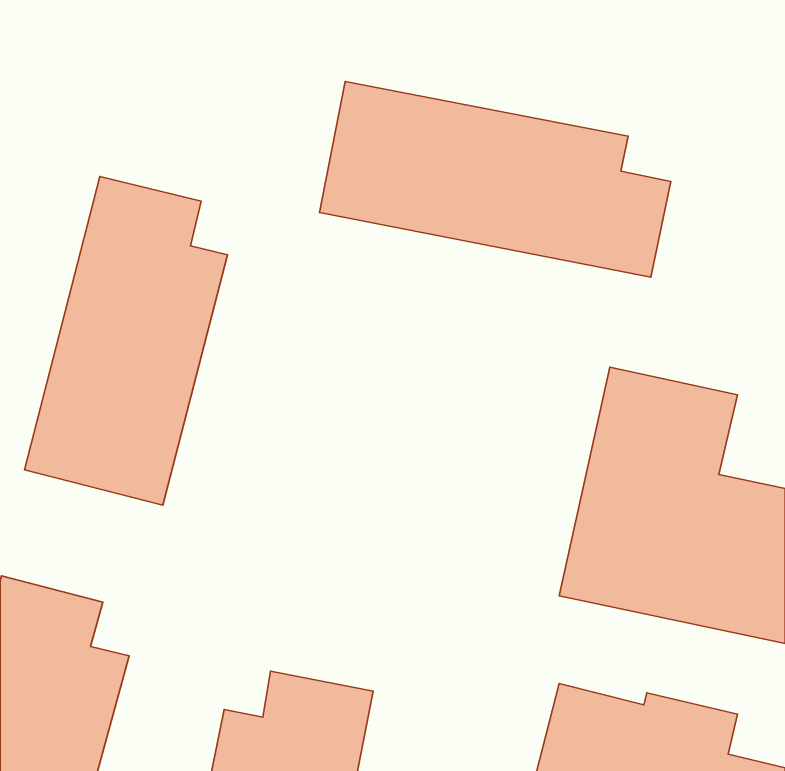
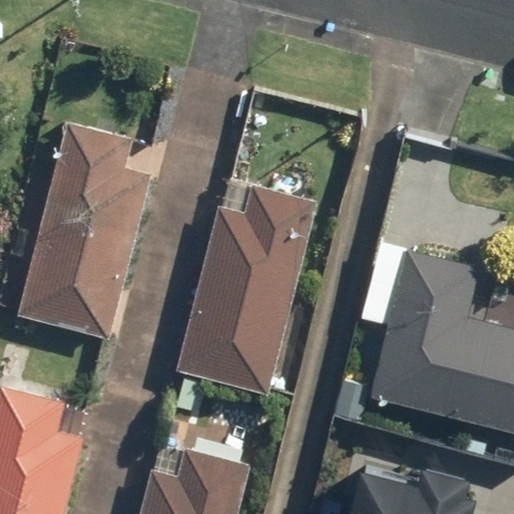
building: [319,81,671,277] -> none
building: none -> [183,186,312,395]

